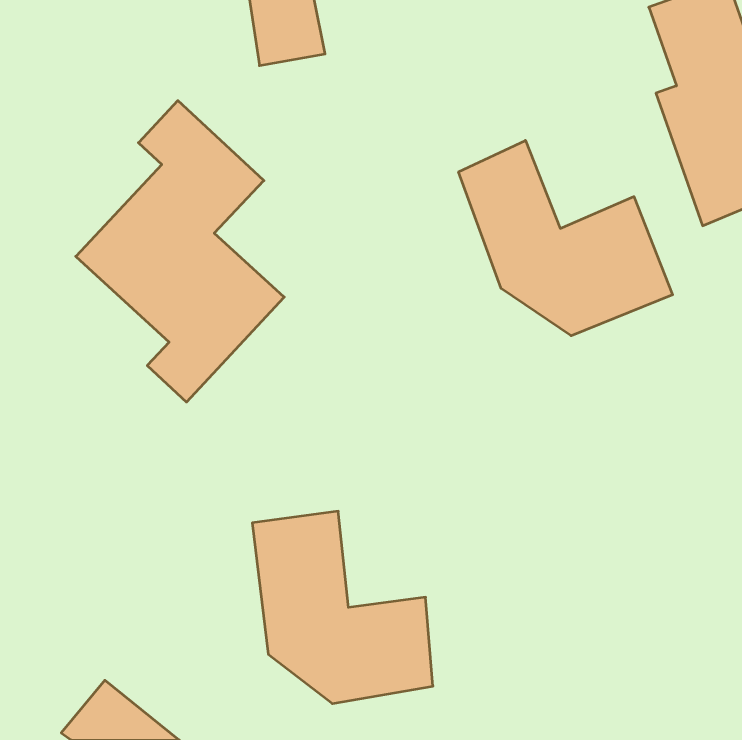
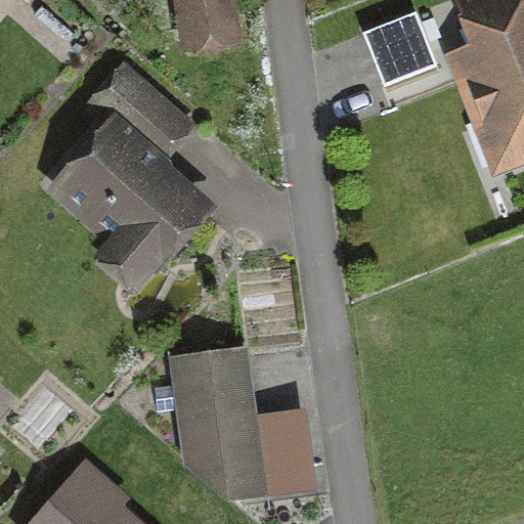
building: none -> [361,14,435,87]
building: [459,140,673,336] -> none

